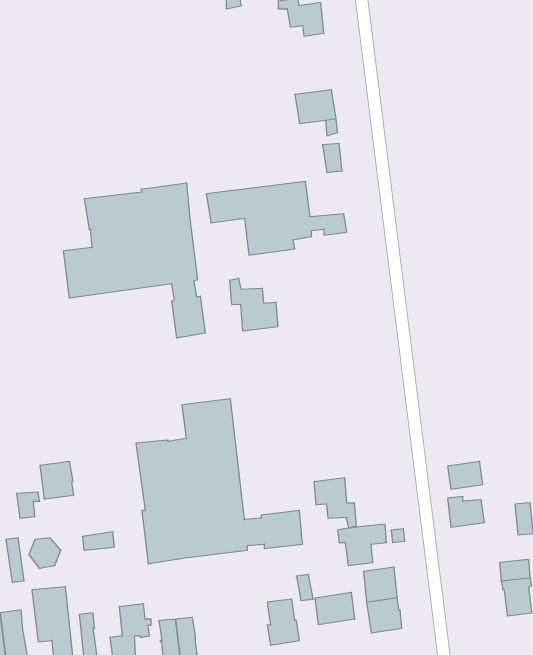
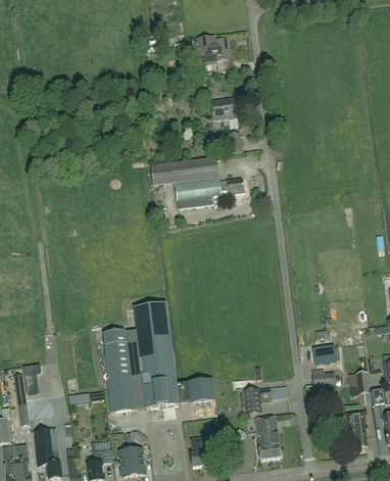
building: [64,183,205,338] -> none
building: [230,278,278,331] -> none
building: [40,461,74,499] -> none
building: [314,478,356,528] -> none
building: [315,592,355,625] -> none

